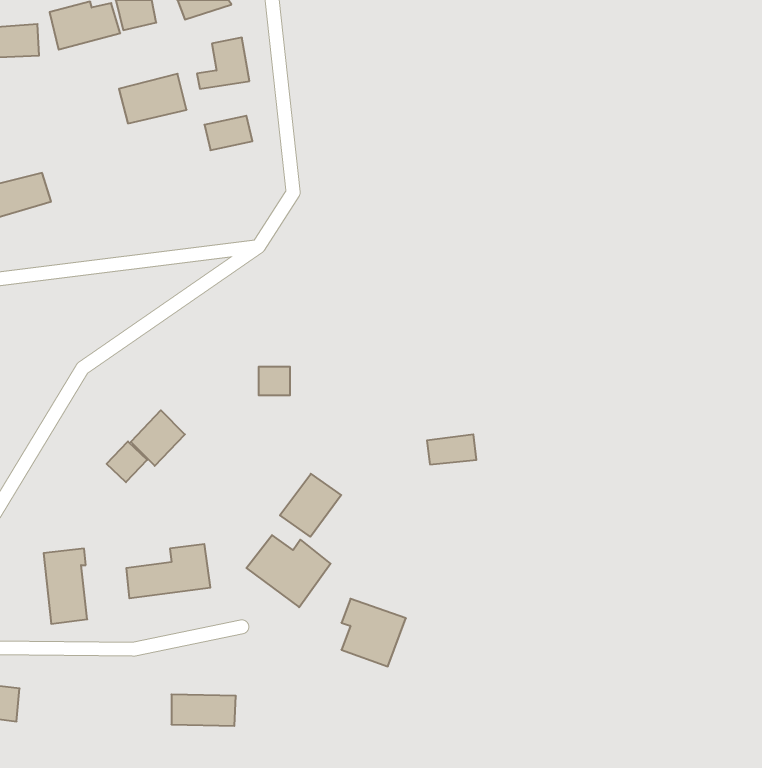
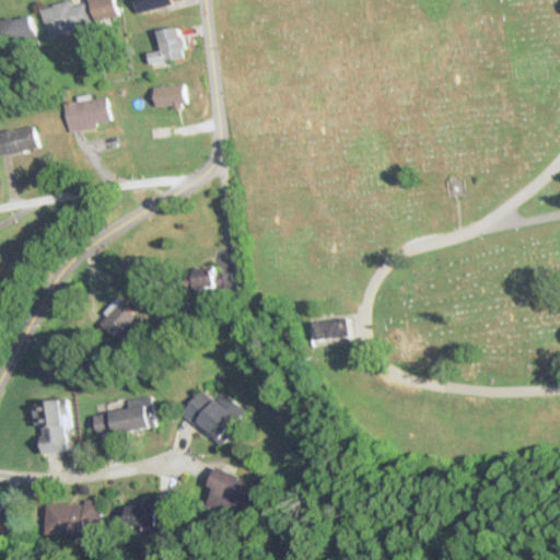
building: [119,74,187,123] -> [60,96,109,132]
building: [107,441,147,482] -> none
building: [280,474,341,537] -> none
building: [341,599,406,666] -> [207,468,254,517]
building: none -> [45,501,100,535]

